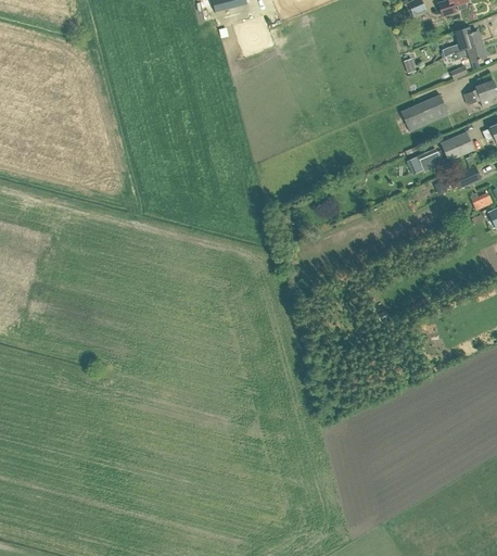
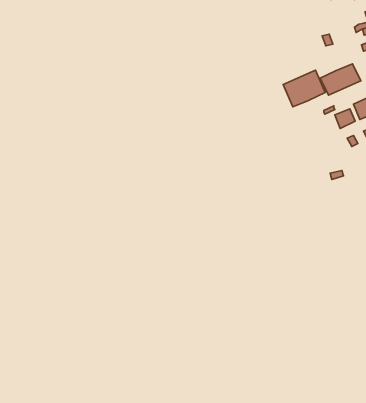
building: none -> [283,70,325,107]

